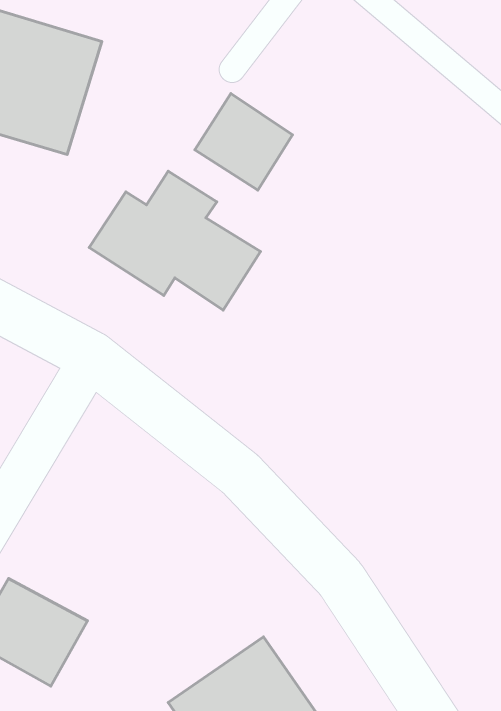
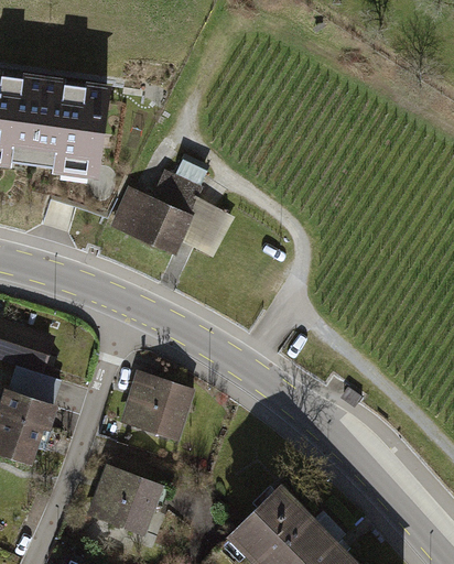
building: [195,93,292,190] -> none
building: none -> [121,371,195,440]

